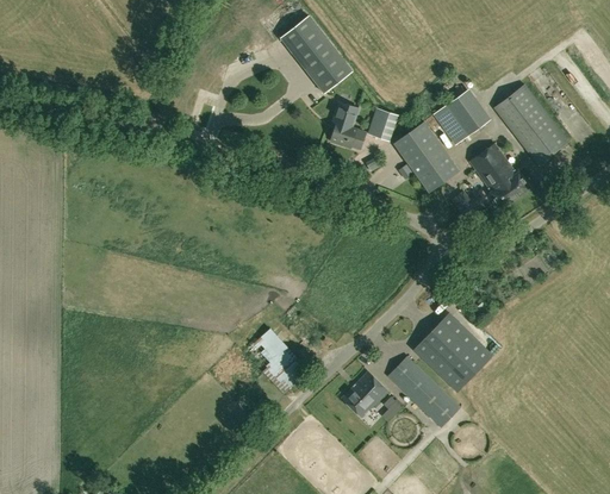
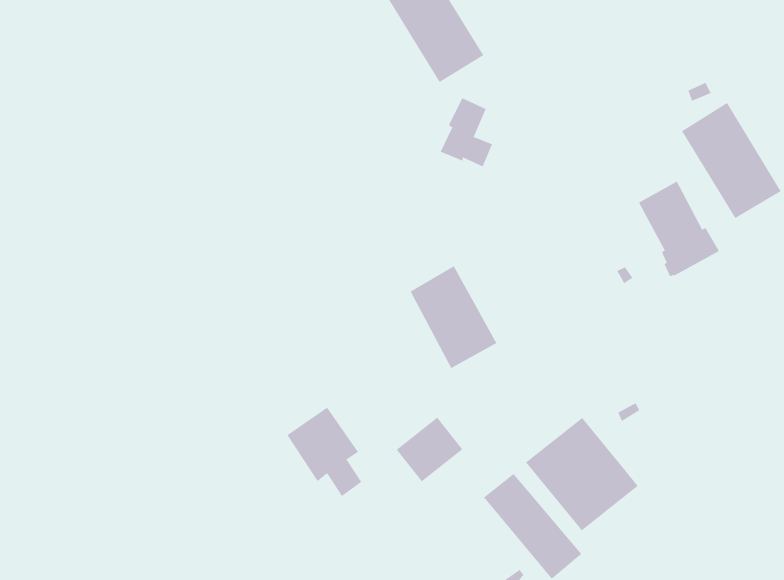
building: [435,92,487,144] -> none
building: [368,108,399,140] -> none
building: [394,121,459,193] -> [410,266,497,369]
building: [342,371,388,418] -> [396,417,463,482]

